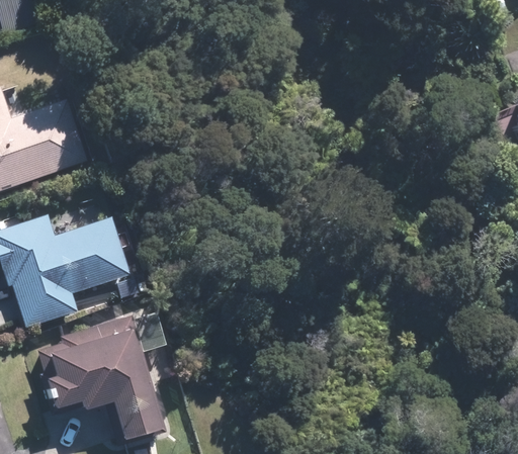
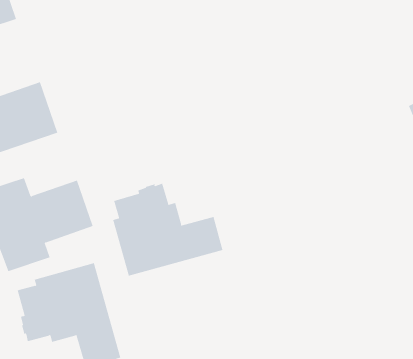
building: none -> [113,183,223,276]

